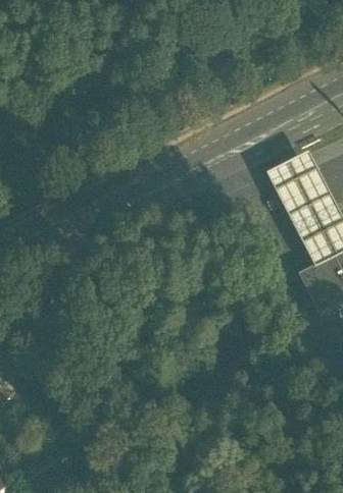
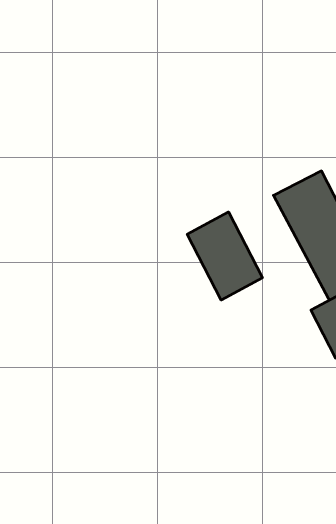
building: none -> [187,212,262,300]

